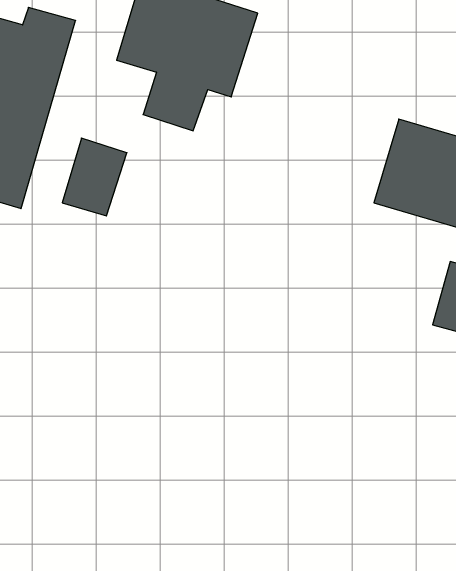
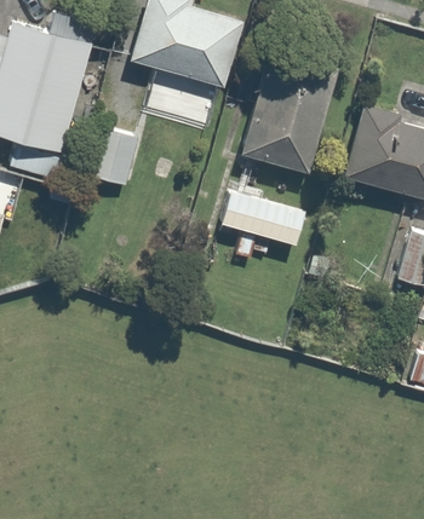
building: none -> [240,56,332,173]
building: none -> [219,190,309,248]

